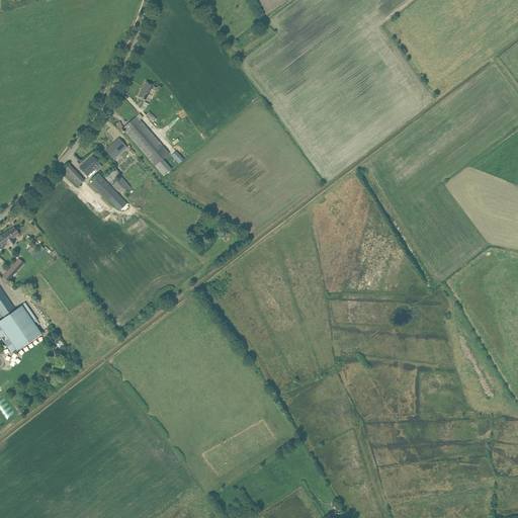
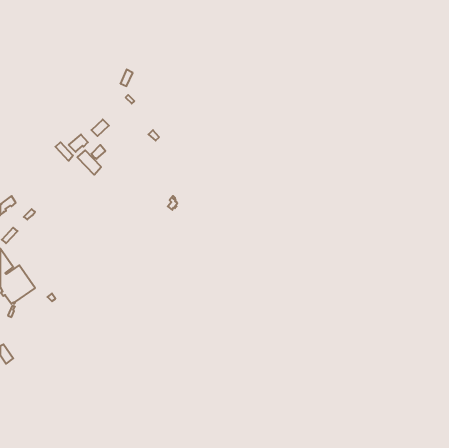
building: [122,115,172,175] -> none

